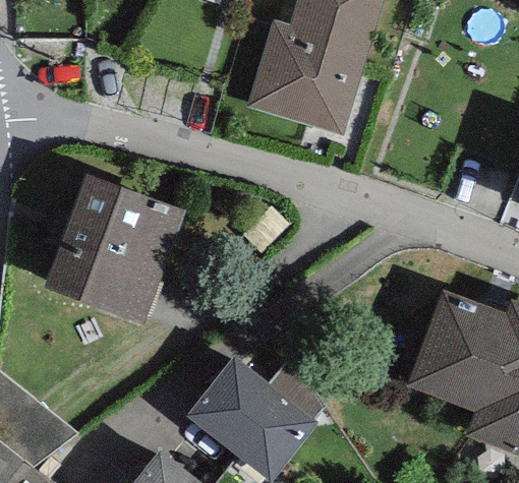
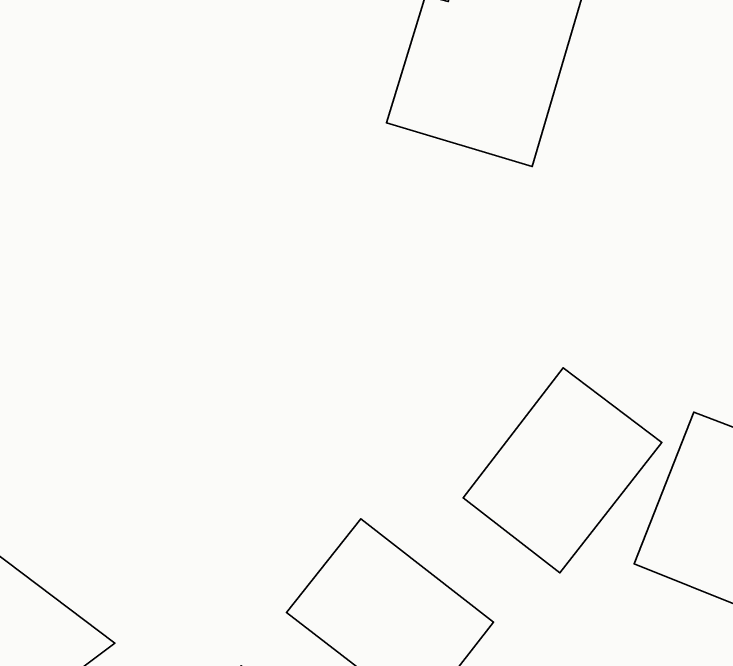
building: [44,173,183,321] -> none
building: none -> [463,368,662,573]

